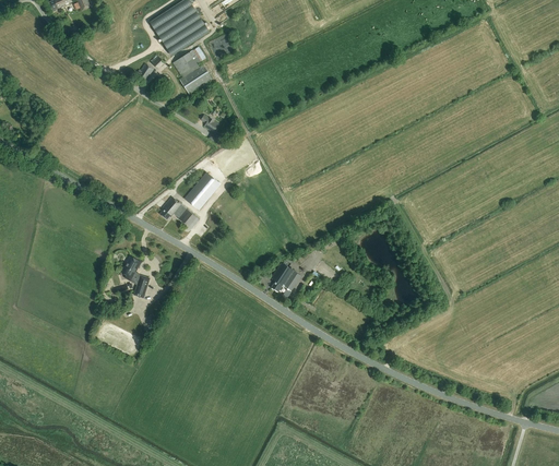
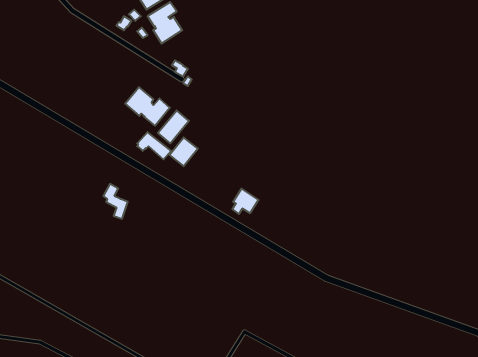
building: none -> [125,87,170,126]
building: none -> [170,137,198,166]

